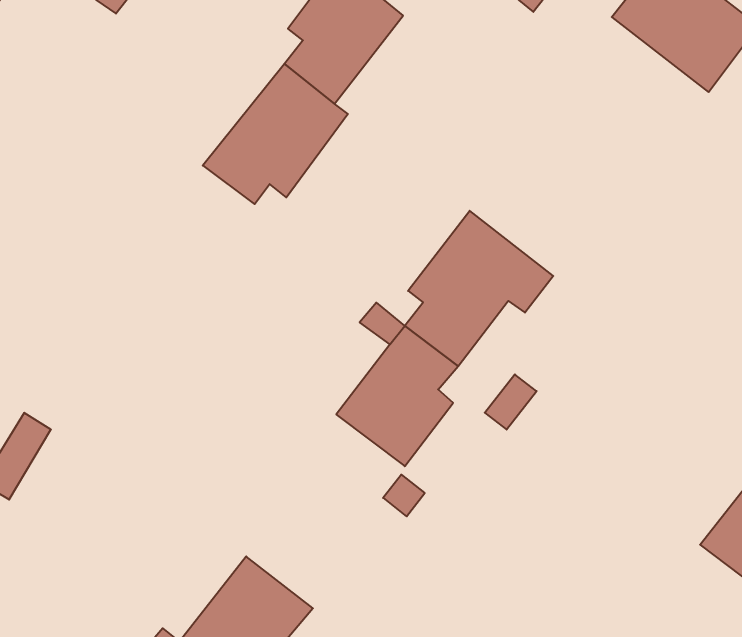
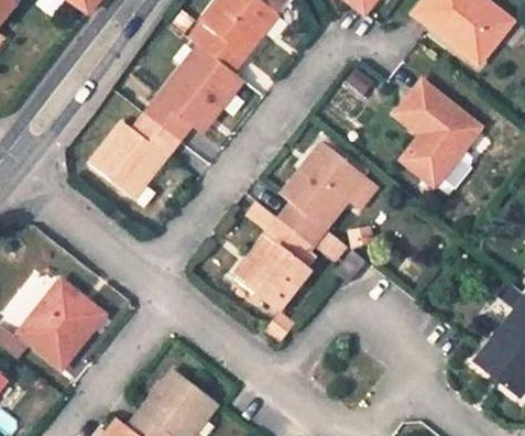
building: none -> [397,84,479,185]
building: none -> [90,112,179,197]
building: none -> [20,282,105,369]

